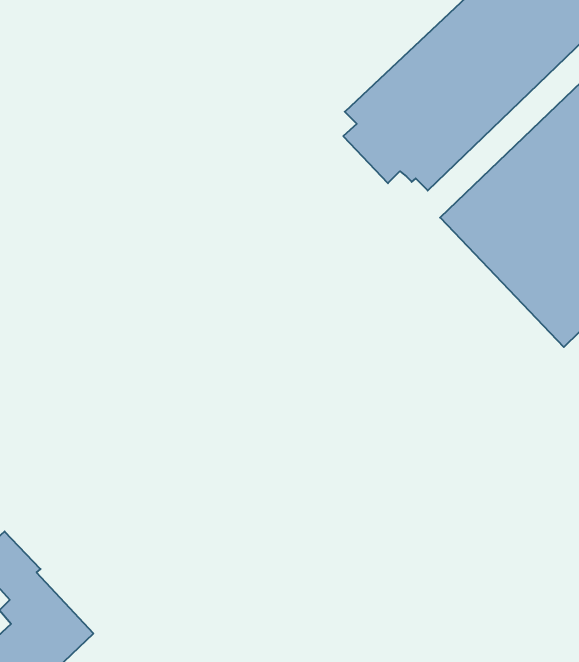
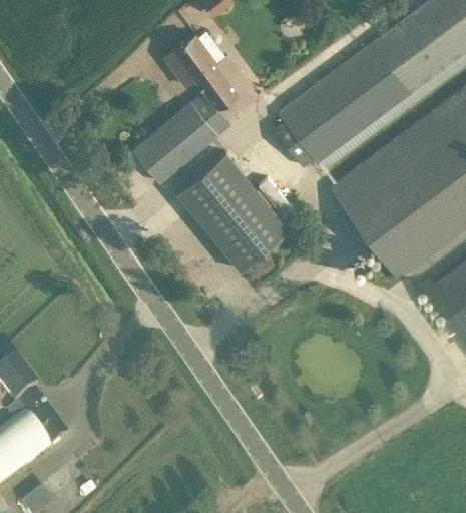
building: none -> [134,32,257,180]
building: none -> [177,149,291,269]

